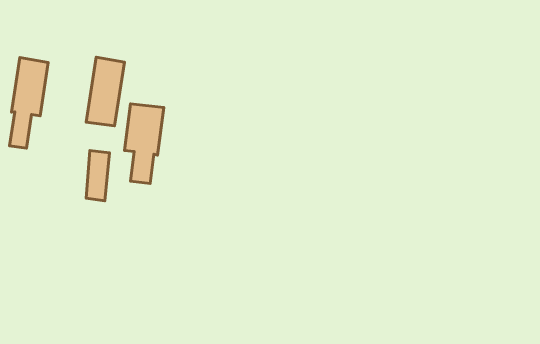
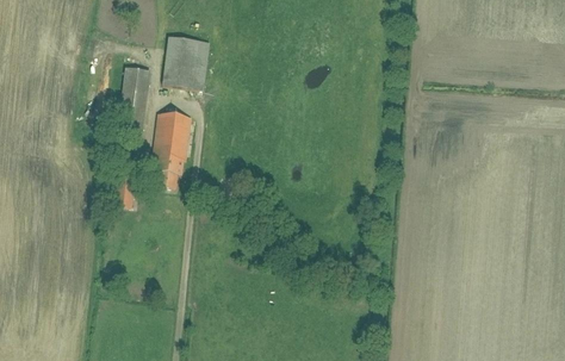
building: none -> [163,37,211,88]
building: [10,58,48,148] -> none

